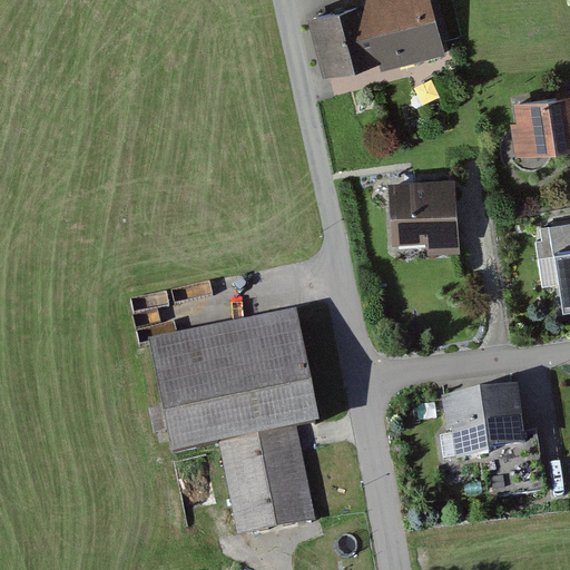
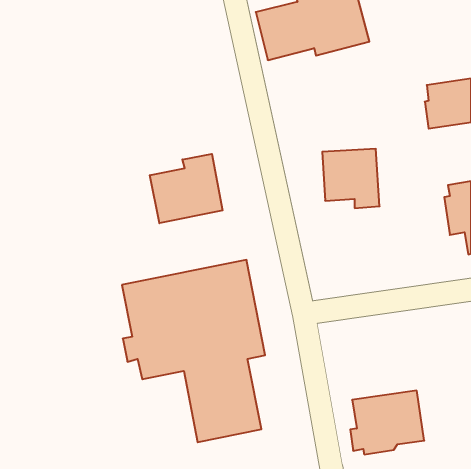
building: none -> [150,154,223,223]
building: [438,386,527,463] -> [350,391,424,454]

